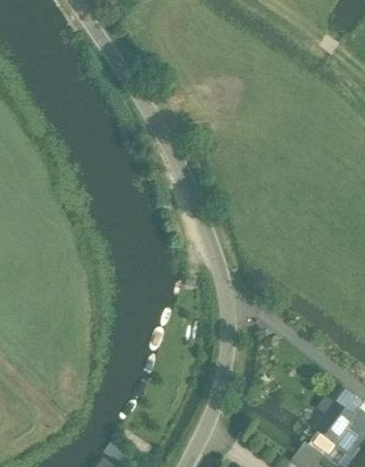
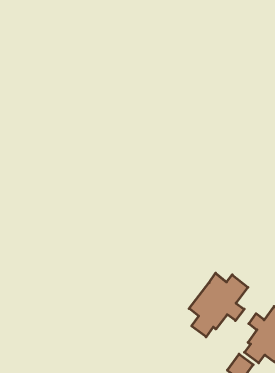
building: none -> [189,273,248,337]

